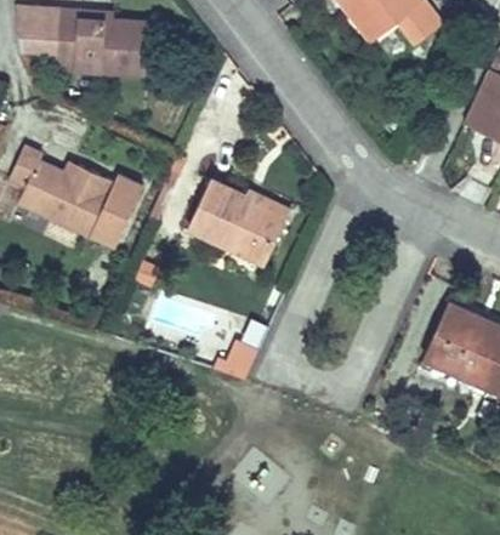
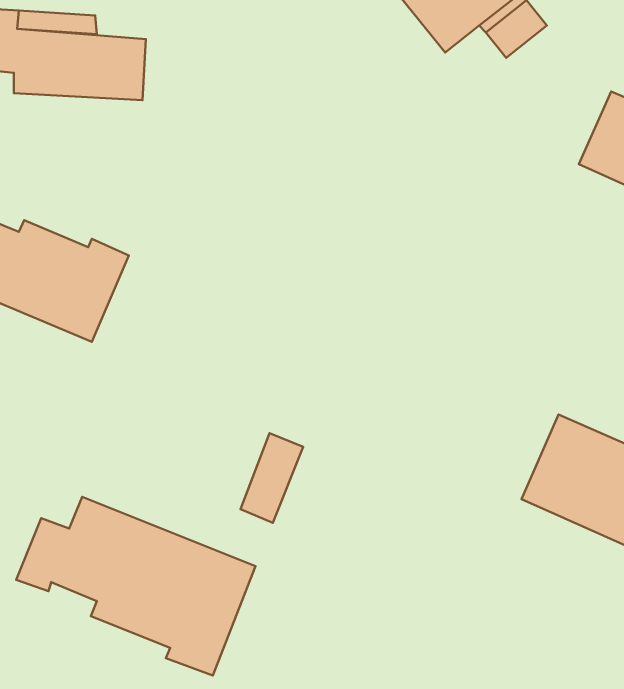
building: [186,177,292,267] -> none
building: none -> [16,497,256,676]

